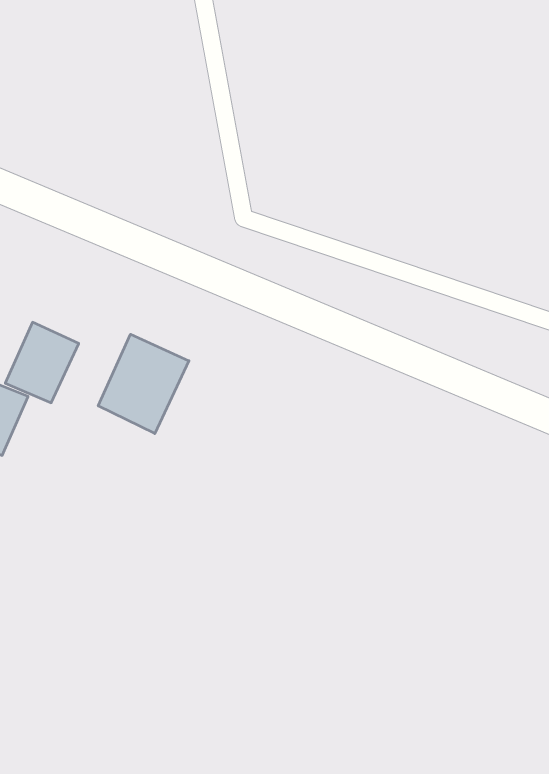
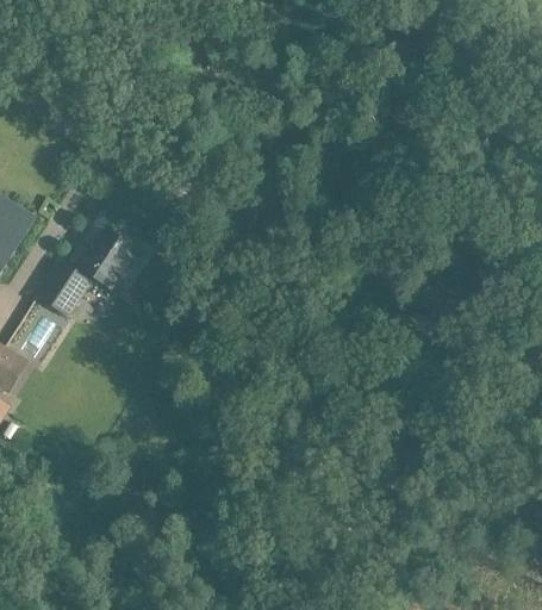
building: [98,334,189,434] -> none

